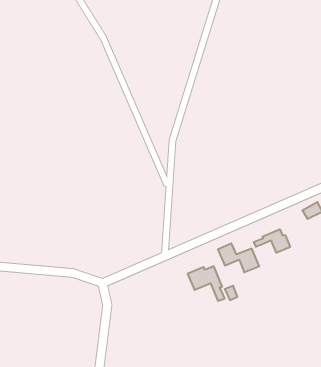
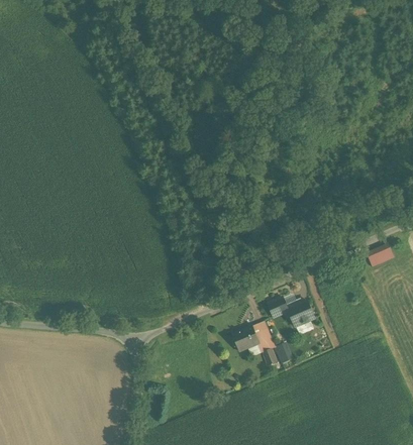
building: [254,229,290,253] -> none

